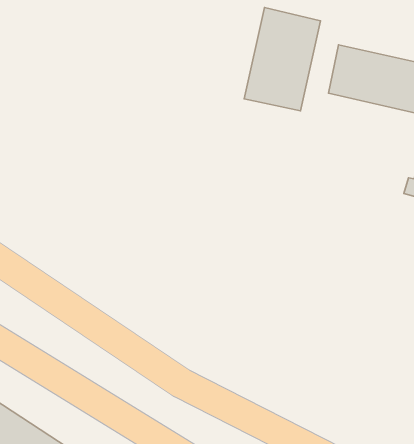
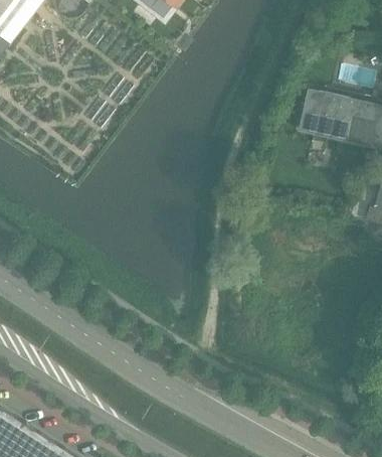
building: [244,8,321,111] -> none

